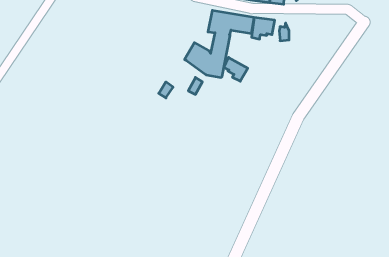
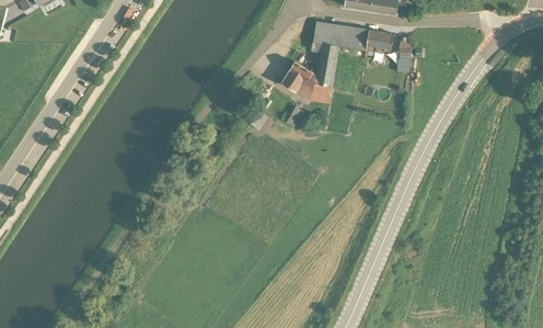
building: [224,57,248,81] -> none

